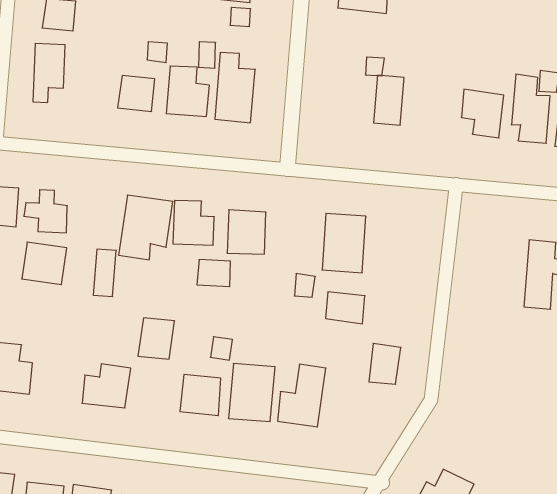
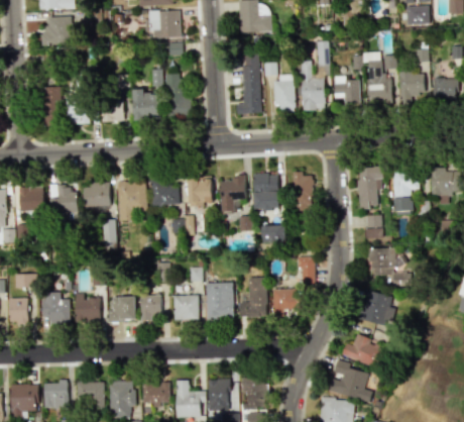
building: none -> [307,40,331,104]
building: none -> [239,50,263,115]
building: none -> [68,96,90,124]
building: none -> [218,174,247,214]
building: none -> [293,169,317,216]
building: none -> [355,166,385,210]
building: [22,242,67,285] -> [84,182,111,207]
building: none -> [364,214,383,237]
building: [138,318,175,359] -> [140,294,161,321]
building: none -> [368,246,408,277]
building: none -> [74,292,102,323]
building: none -> [272,288,302,314]
building: none -> [359,290,396,329]

